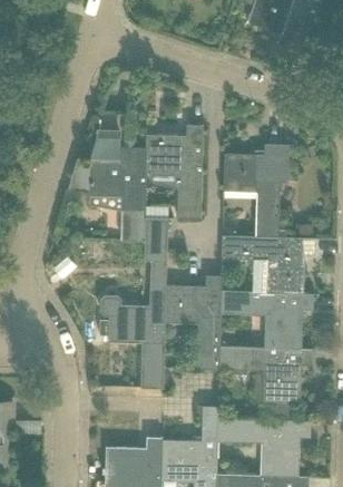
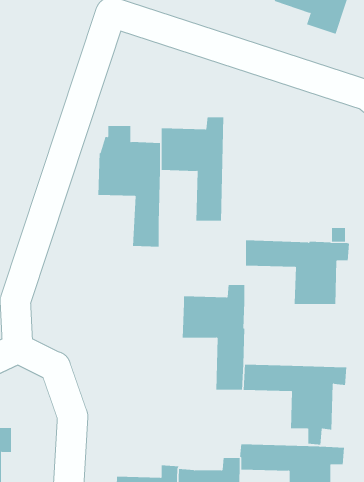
building: [223,144,288,237] -> none
building: [99,218,167,389] -> none
building: [220,291,314,349] -> none

